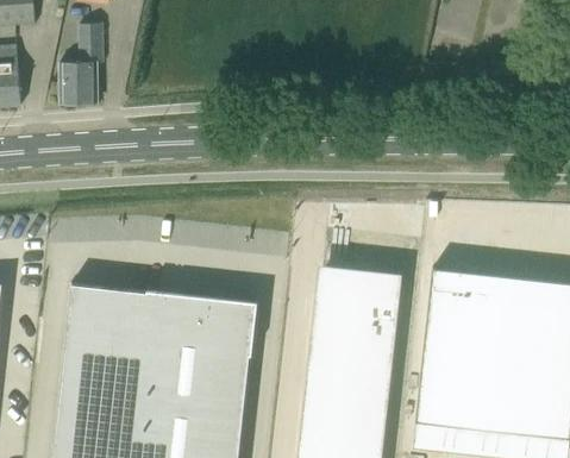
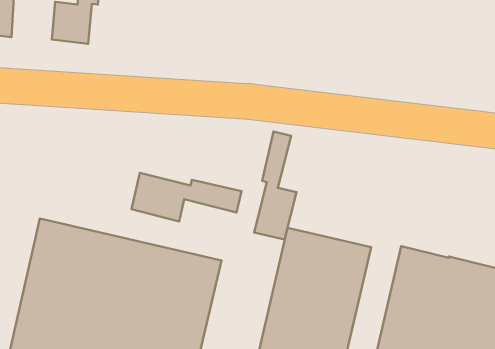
building: none -> [254,132,296,240]
building: none -> [131,173,241,222]

